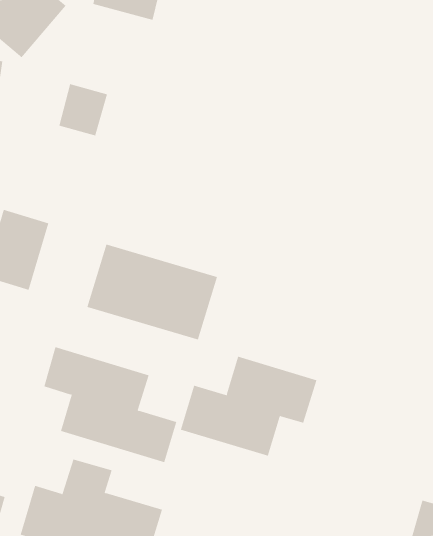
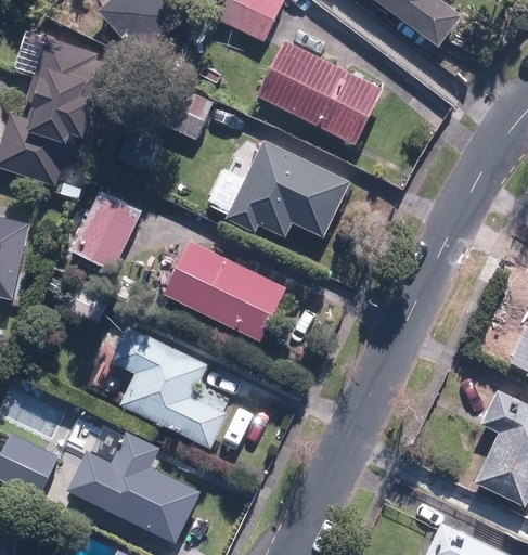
building: none -> [258,41,382,143]
building: none -> [224,140,348,237]
building: [180,356,317,457] -> none

